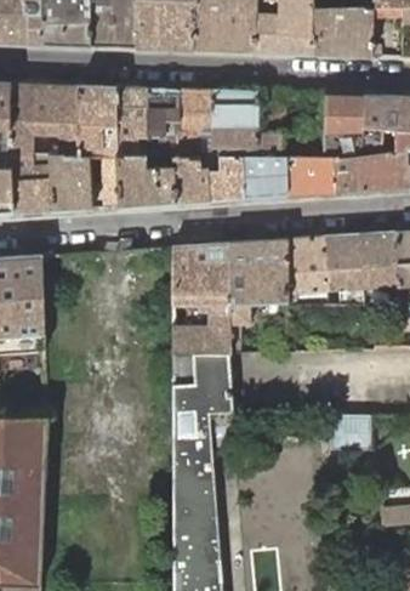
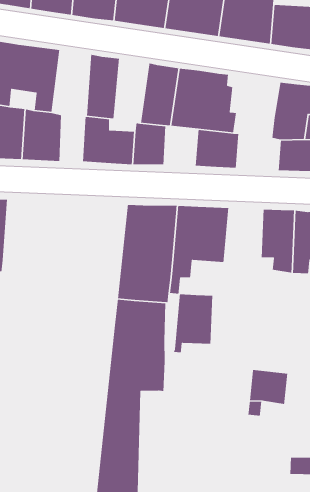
building: [80,85,119,208] -> none
building: [148,87,181,157] -> none
building: [207,157,244,200] -> none
building: [289,157,336,195] -> none
building: [286,237,328,305] -> [173,294,213,353]

